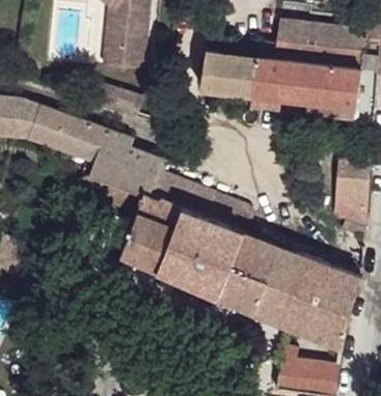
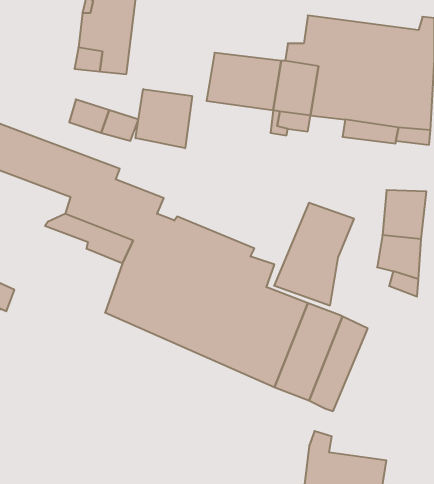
building: none -> [136,89,192,148]
building: [300,265,362,345] -> [274,203,354,305]

